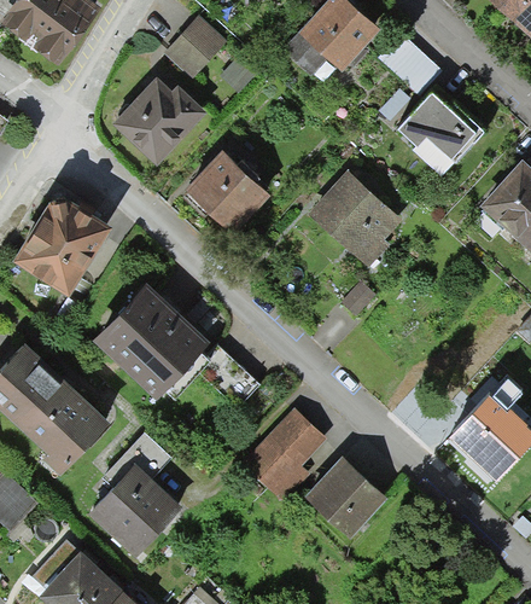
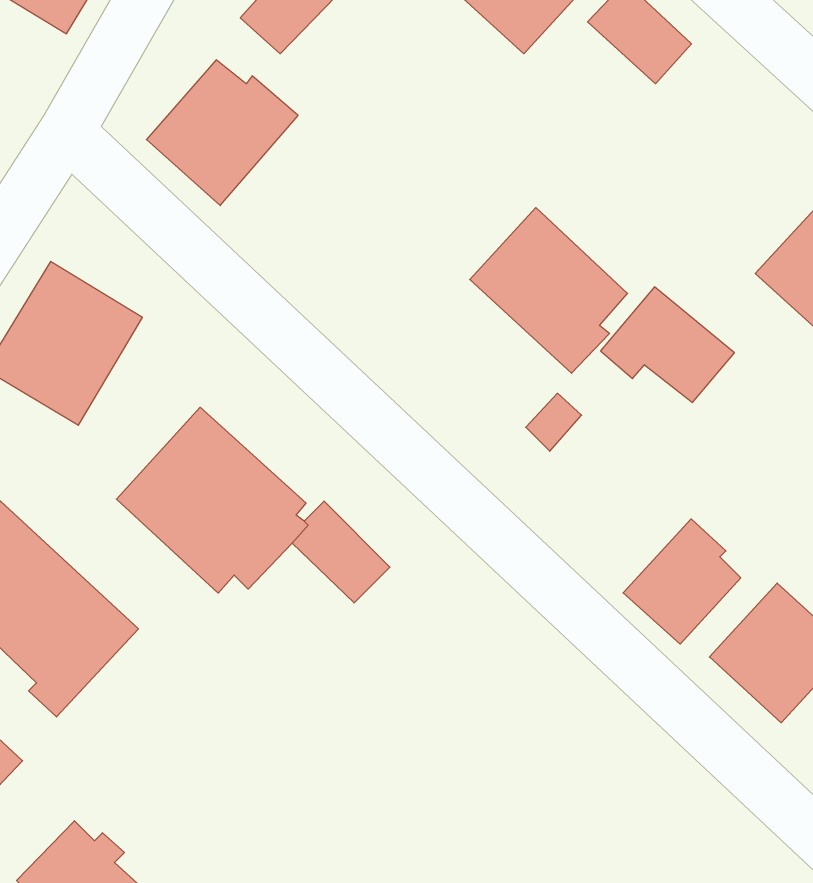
building: [397,92,478,162] -> [601,287,734,403]
building: [183,151,269,237] -> none
building: none -> [623,519,741,644]
building: [241,405,327,500] -> none
building: [92,431,183,556] -> none
building: [303,454,386,539] -> none

